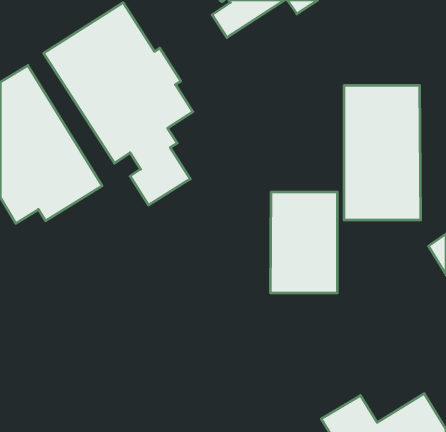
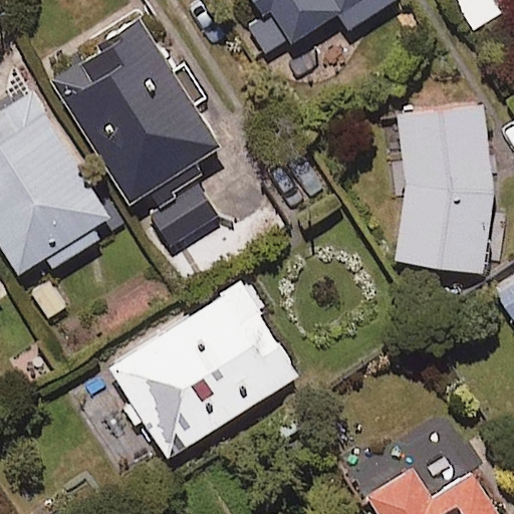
building: [271,192,337,293] -> none
building: none -> [111,282,300,457]

